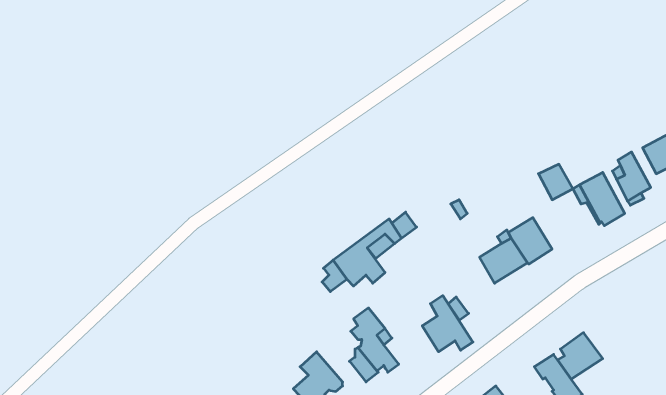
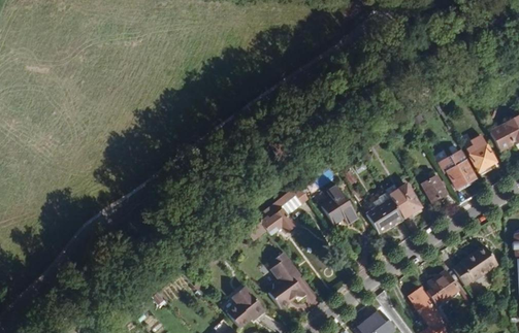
building: [538,164,573,200] -> [422,175,448,202]
building: [422,296,473,352] -> [321,184,359,226]
building: none -> [454,244,498,286]

